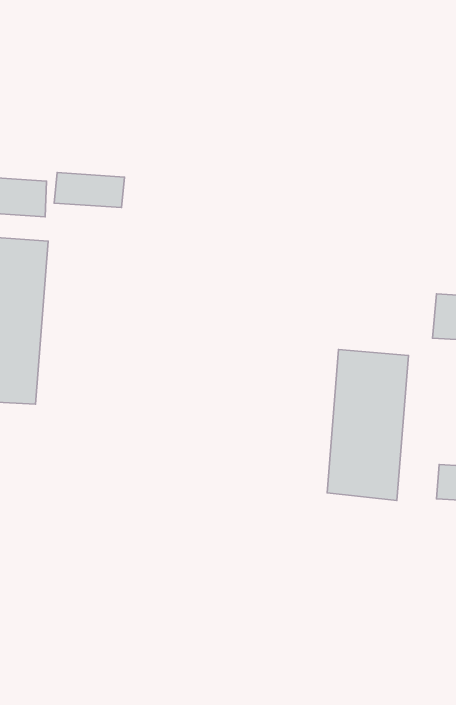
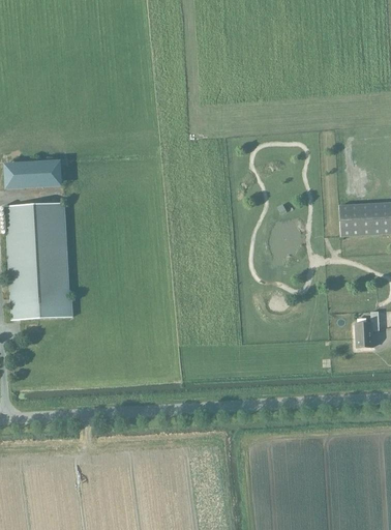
building: [54,173,124,208] -> none
building: [327,349,408,500] -> none

